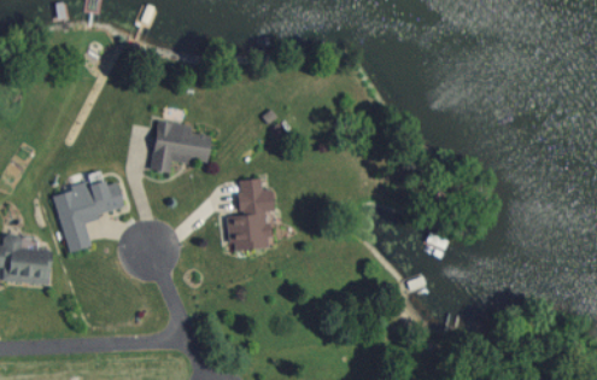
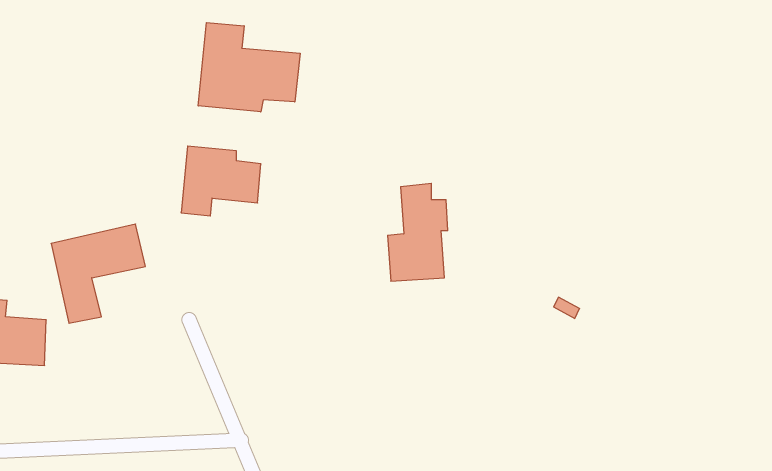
building: none -> [198,23,300,112]
building: [229,177,274,250] -> [388,183,448,281]

